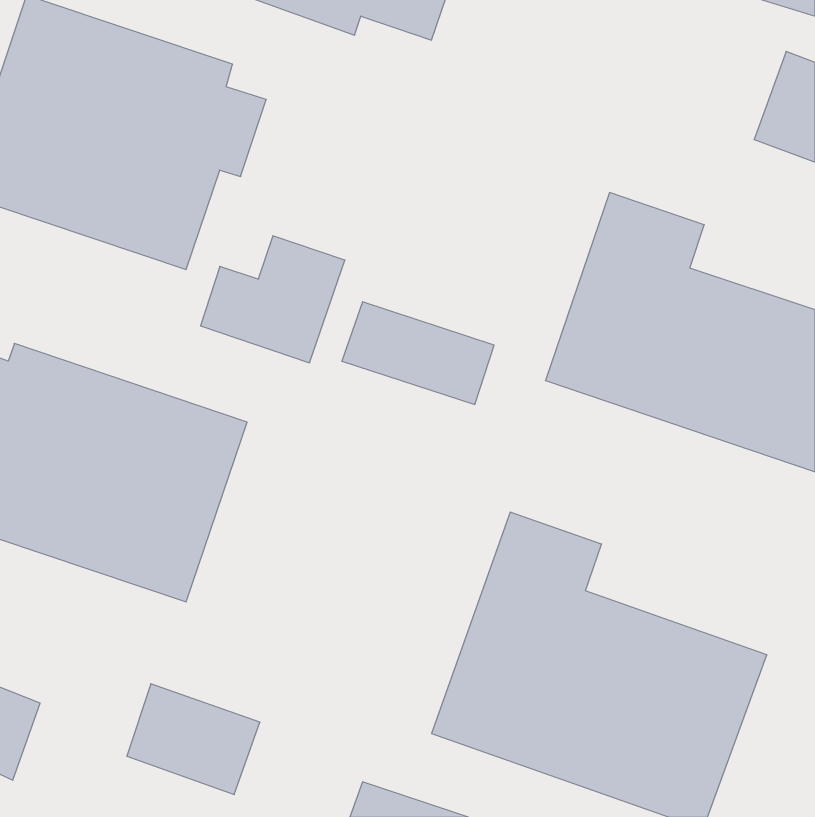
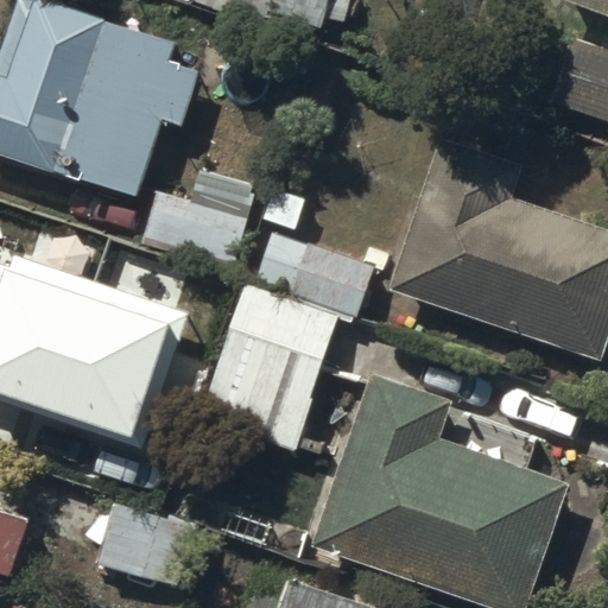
building: none -> [203,278,336,437]

